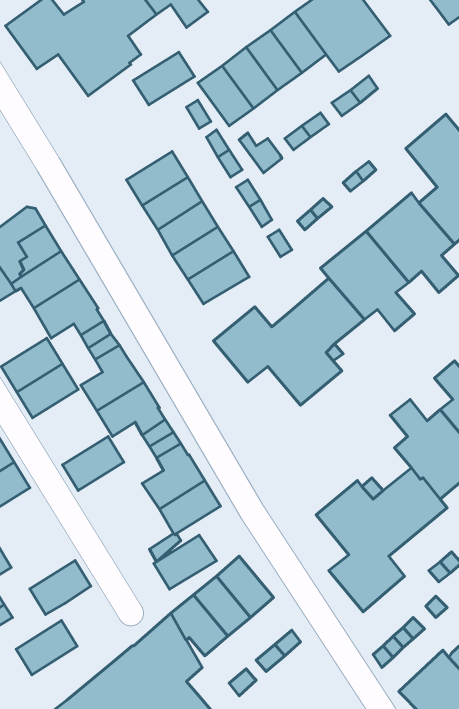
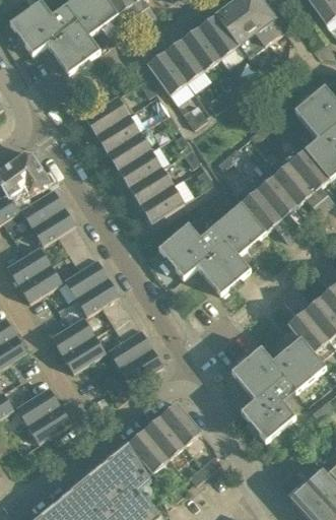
building: [133,52,194,105] -> [84,95,128,133]
building: [154,535,216,589] -> [61,334,106,373]
building: [16,621,77,675] -> [15,386,59,425]

